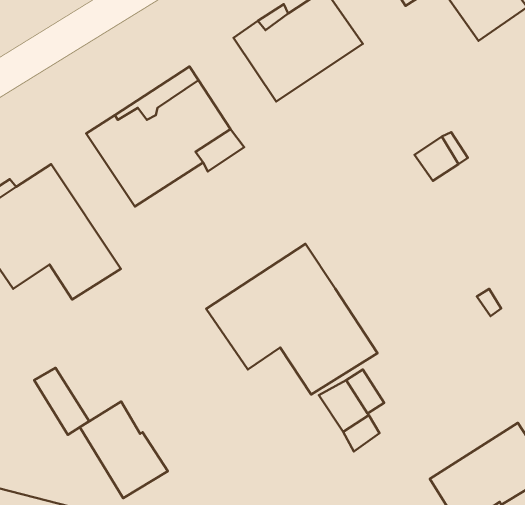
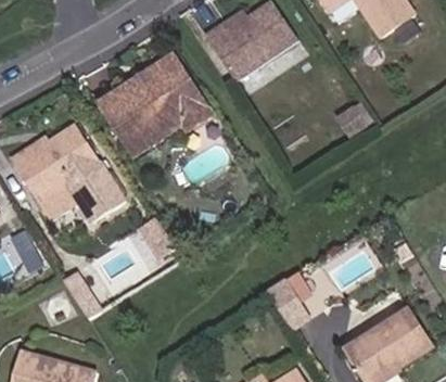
building: [206,244,377,395] -> none
building: [80,402,168,498] -> none

